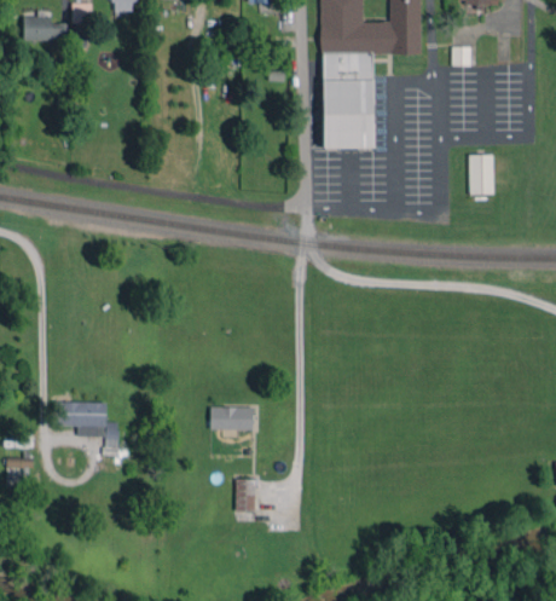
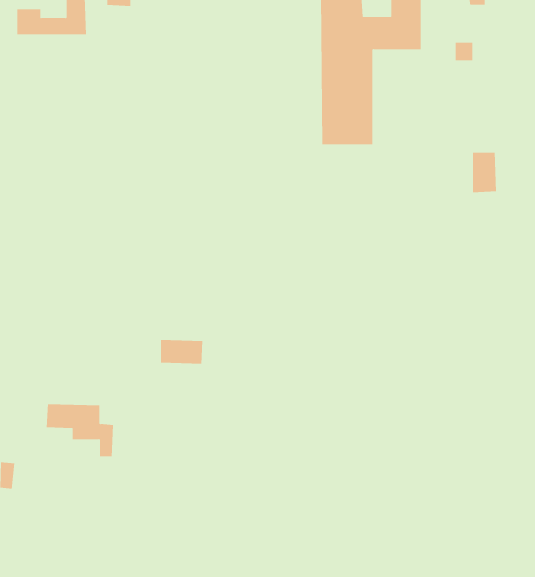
building: [212,405,254,429] -> [160,340,203,364]
building: [237,478,256,510] -> none

